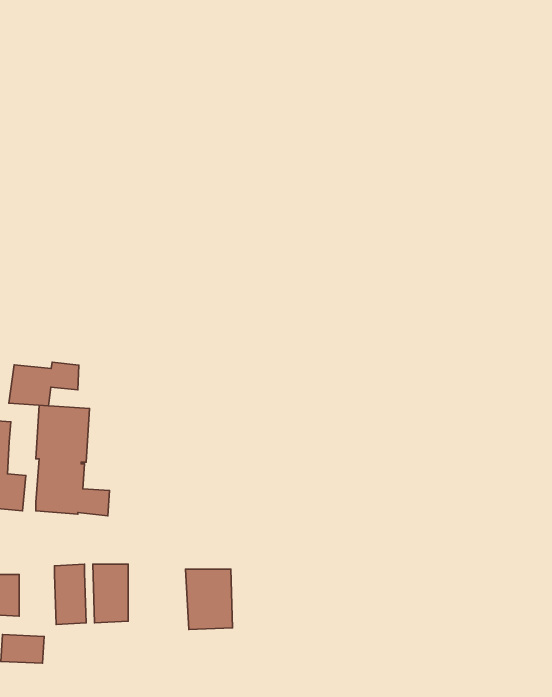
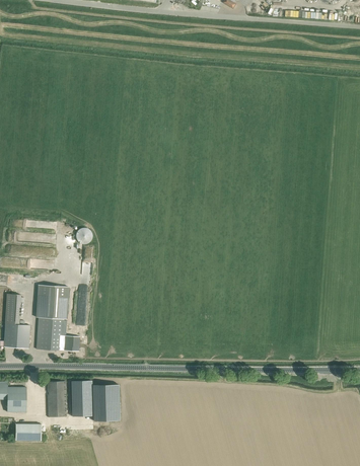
building: [9,362,79,406] -> none
building: [186,569,233,629] -> [91,383,120,419]

